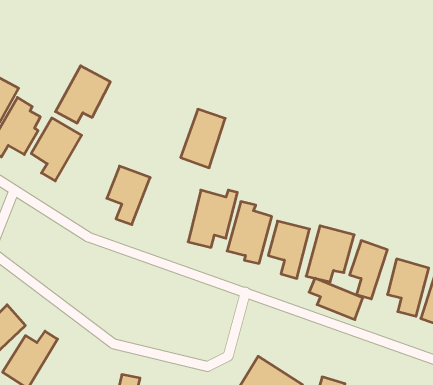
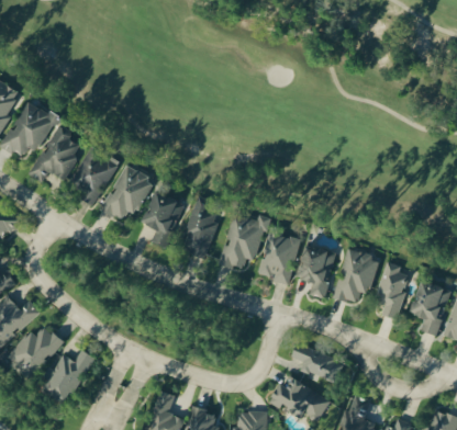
building: [55,66,110,123] -> [100,166,153,220]
building: [181,109,225,168] -> [178,203,221,259]
building: [309,278,363,320] -> [292,344,344,384]

